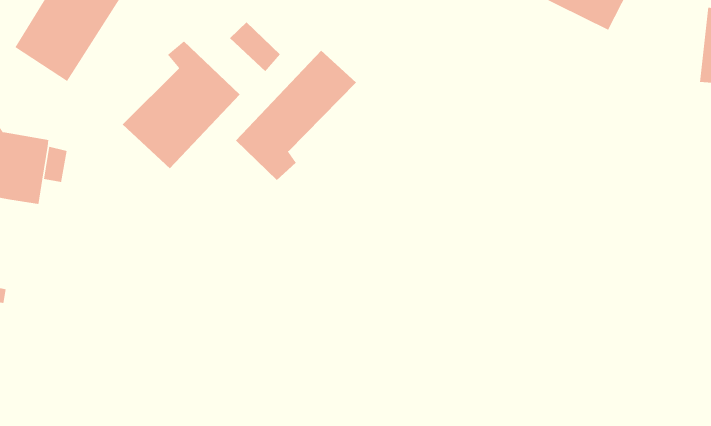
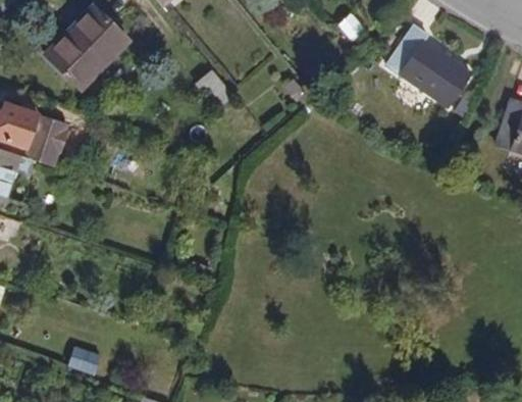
building: [122,40,241,169] -> none
building: [235,50,357,181] -> none

